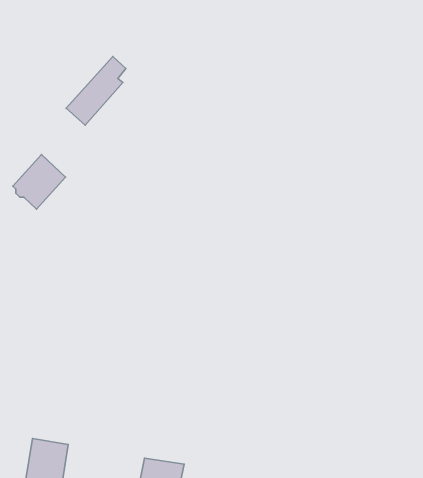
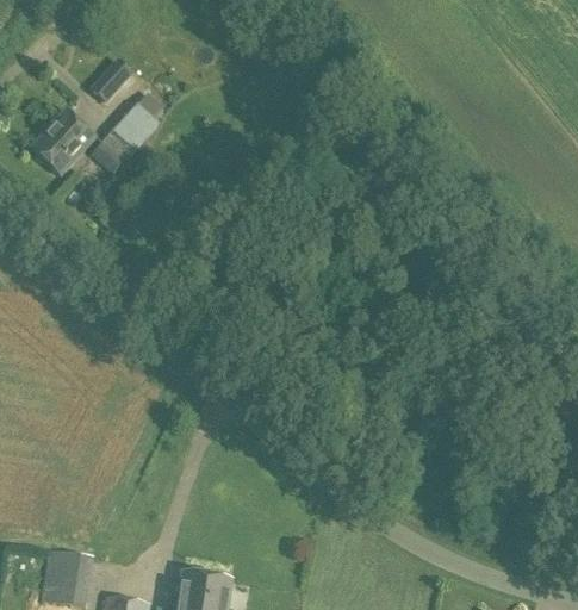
building: none -> [89,58,132,102]
building: [13,155,65,209] -> [31,110,94,175]

